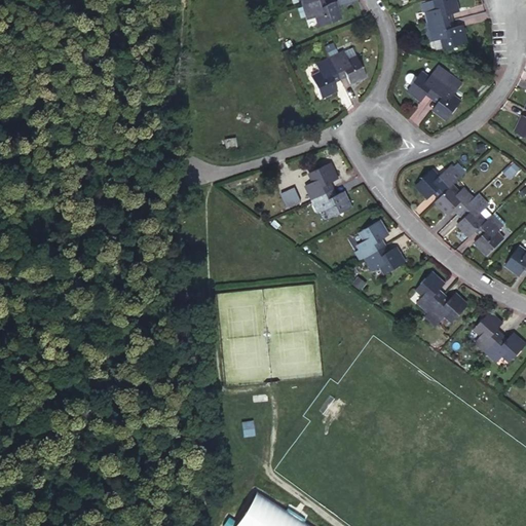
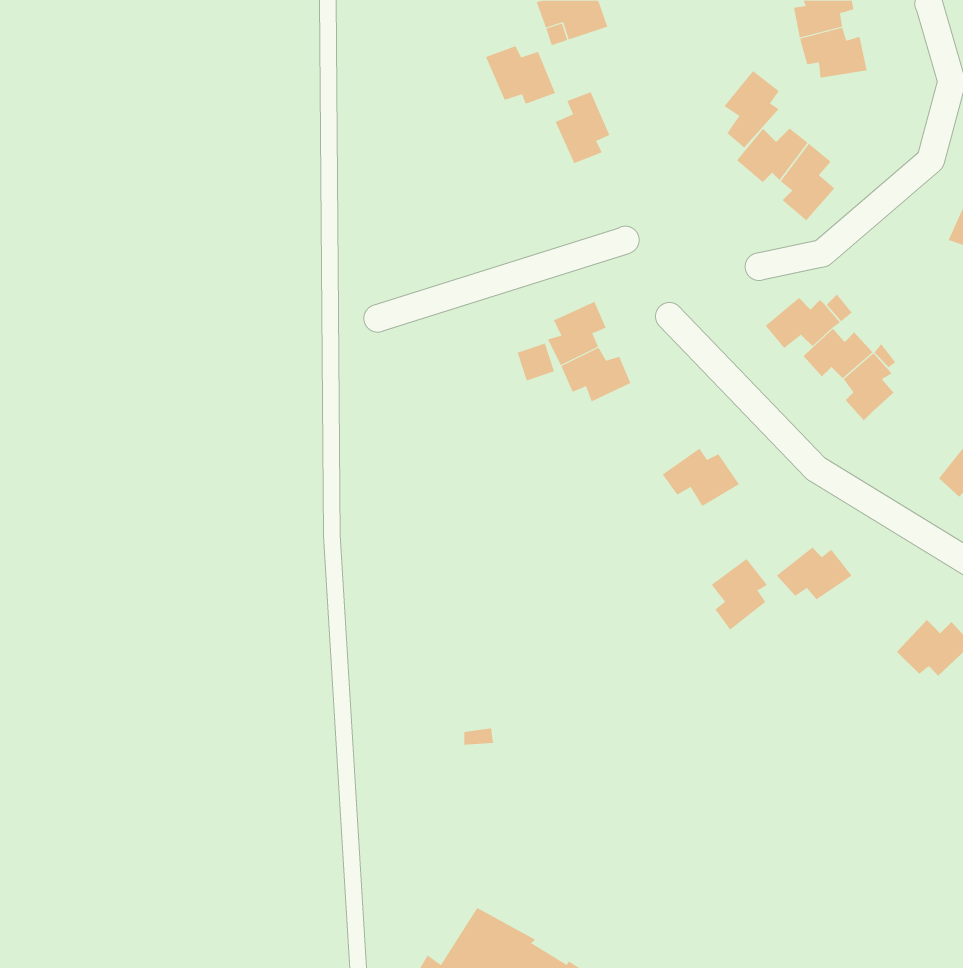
building: none -> [724,70,780,148]
building: [325,46,363,78] -> [485,45,556,104]
building: [477,211,504,249] -> none
building: [354,221,383,259] -> none
building: [414,274,445,313] -> [711,558,768,630]
building: [478,315,506,354] -> none

